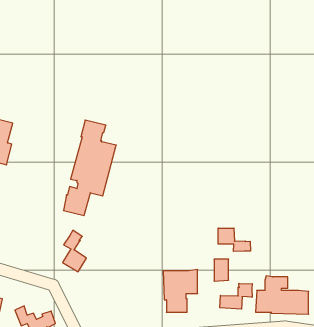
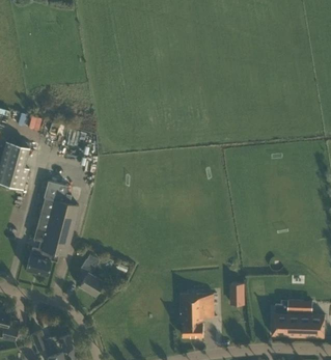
building: [63,120,116,216] -> [25,181,78,276]
building: [218,228,250,251] -> none
building: [220,283,252,309] -> none

